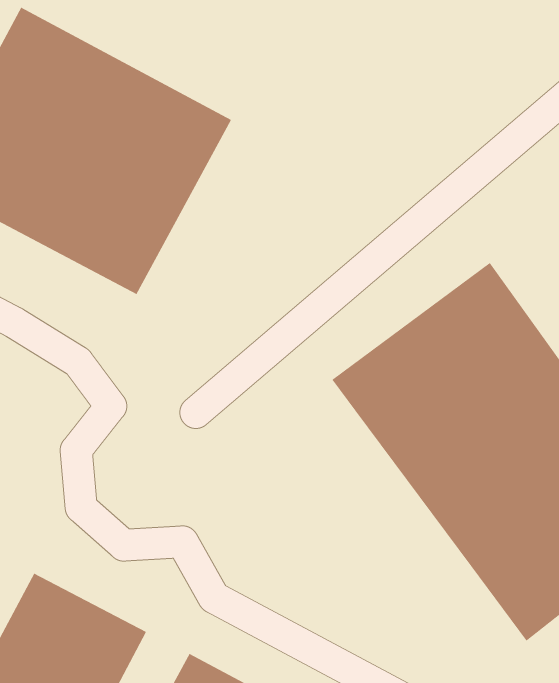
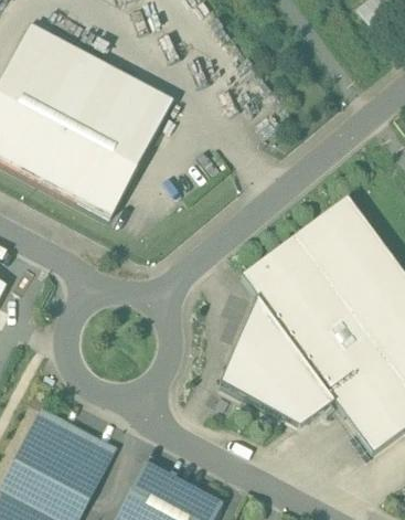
building: none -> [220,297,334,427]

